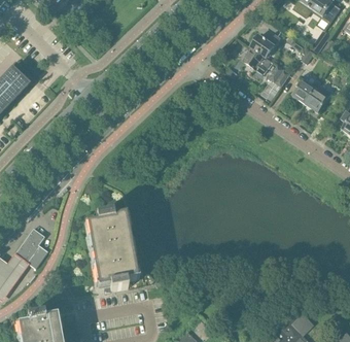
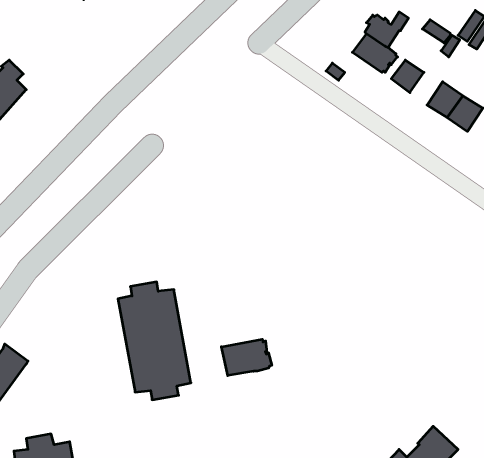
building: [15,226,48,268] -> none
building: none -> [221,339,272,376]

